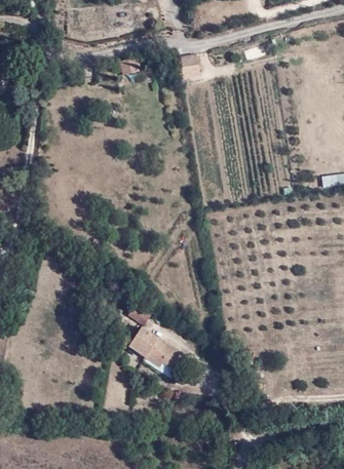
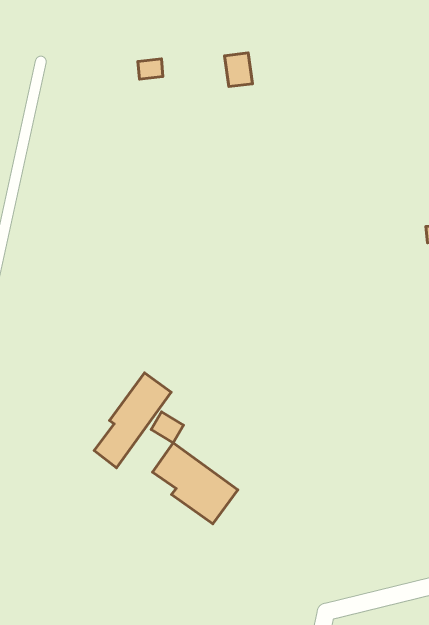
building: none -> [94,373,171,468]

